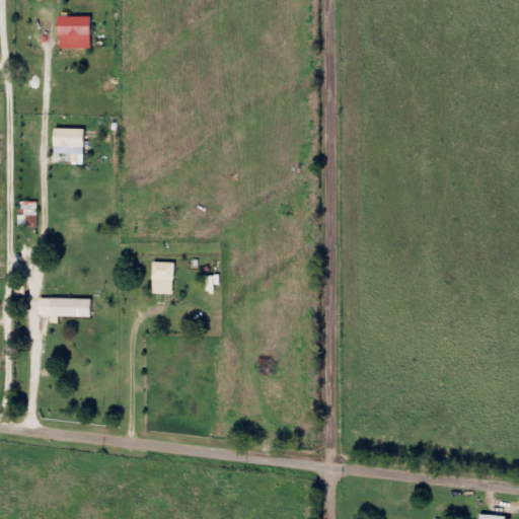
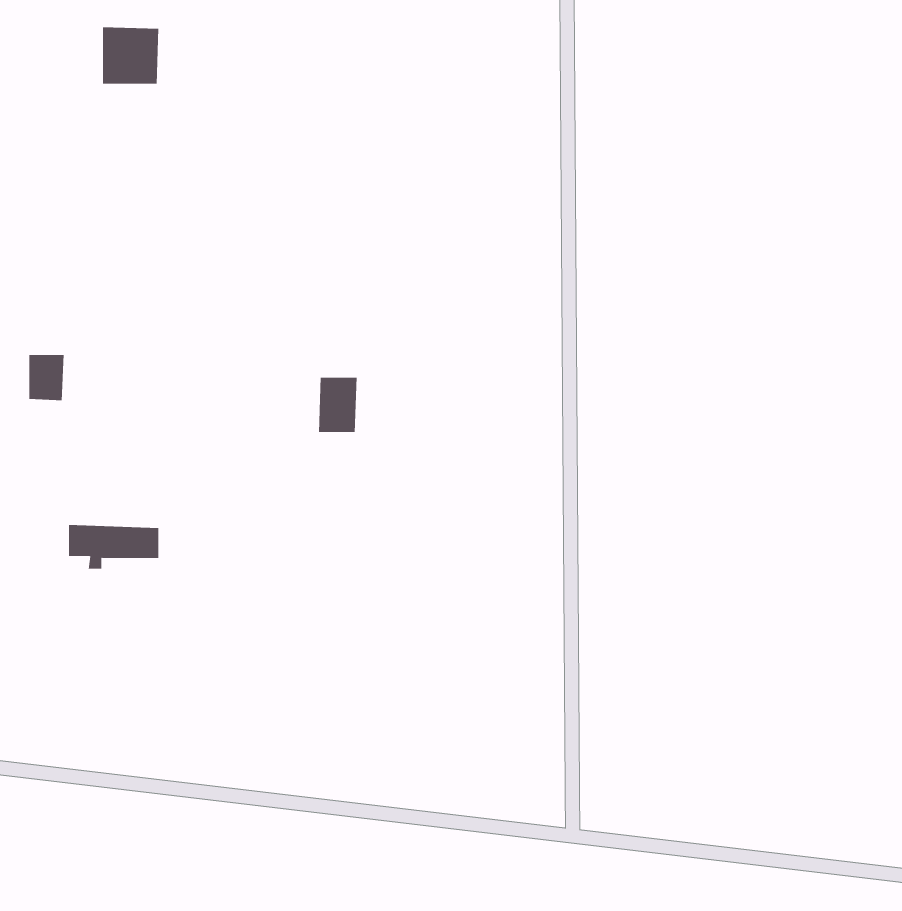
building: [53,128,83,154] -> none
building: [151,262,173,293] -> [318,377,357,433]

